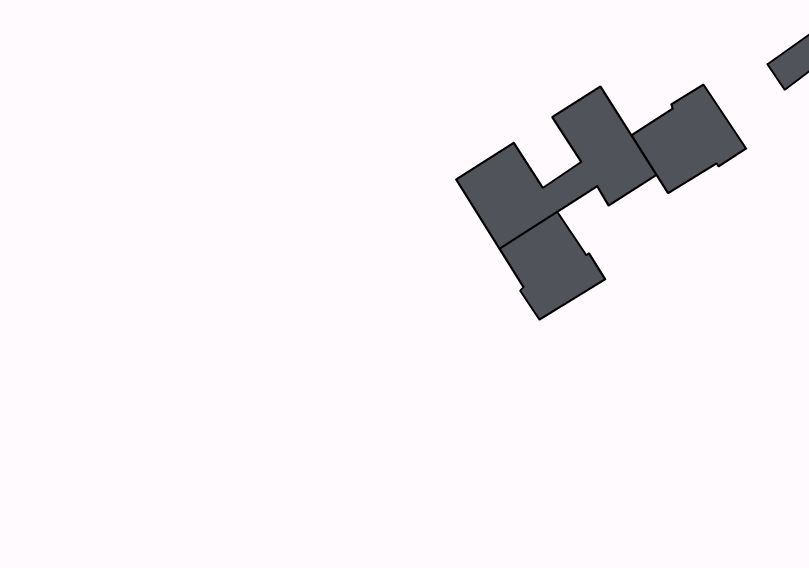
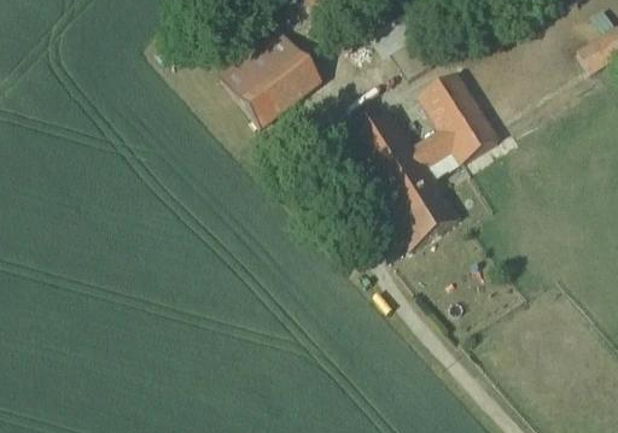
building: none -> [217,28,323,131]
building: [632,85,746,193] -> none

